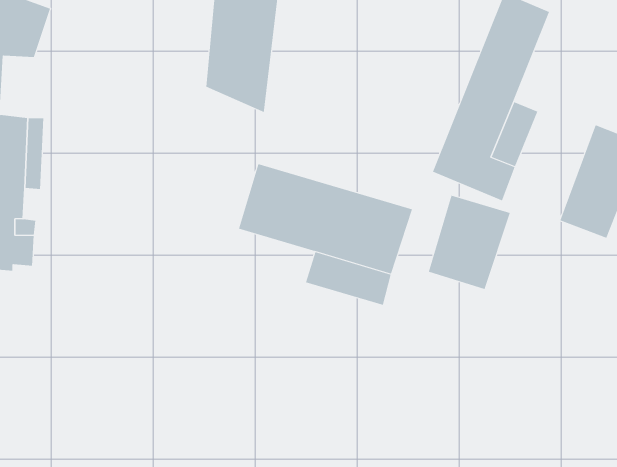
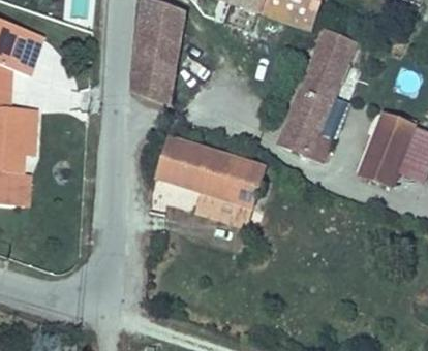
building: [428,195,511,290] -> none

